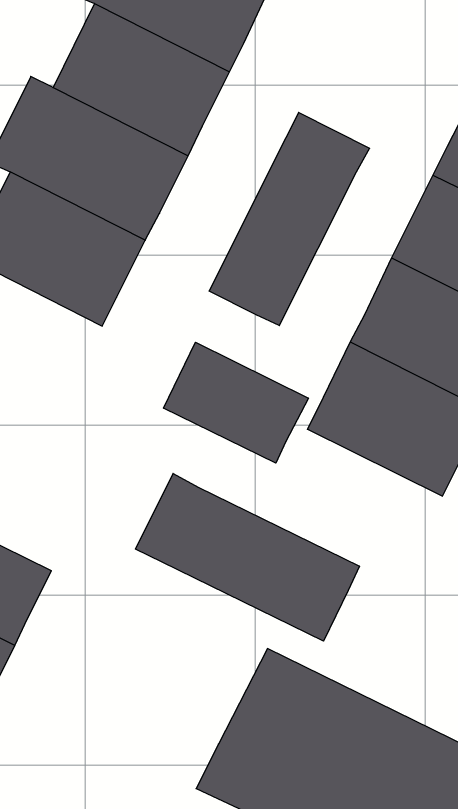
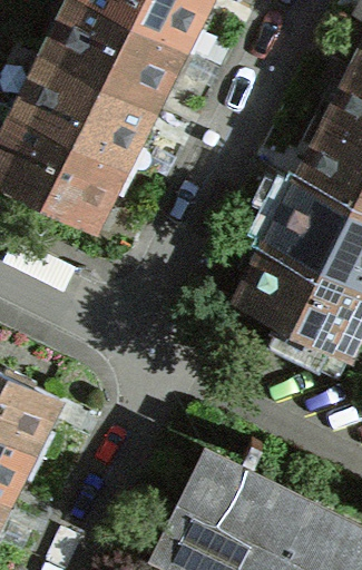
building: [209,112,370,326] -> none
building: [164,342,308,463] -> none
building: [136,473,359,641] -> none

